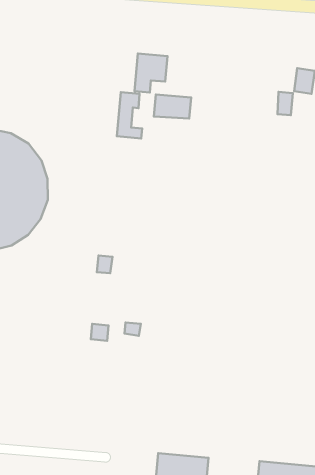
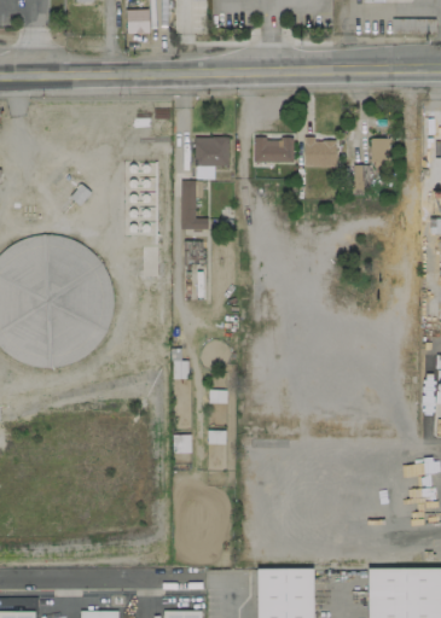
building: none -> [306,136,338,168]
building: [154,94,191,119] -> [256,139,295,163]

